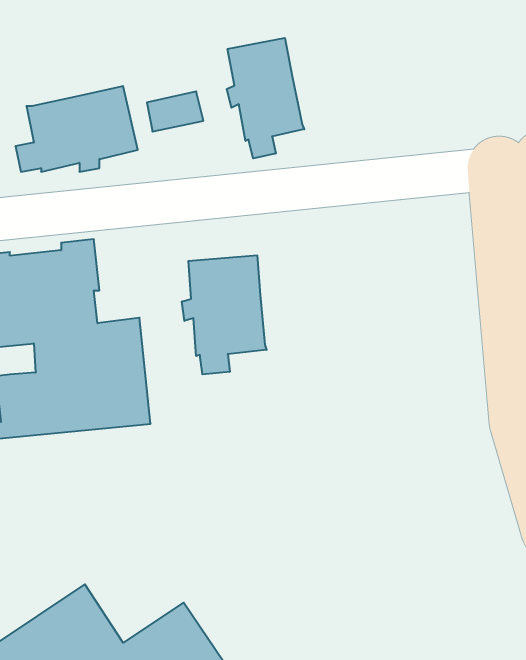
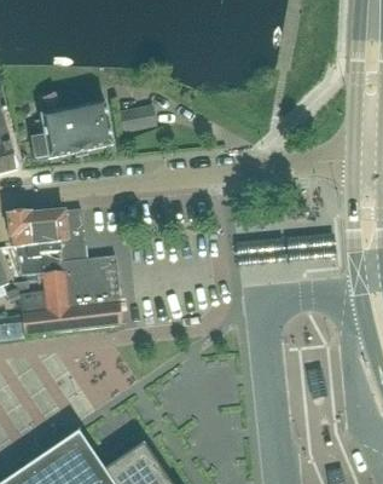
building: [227,38,304,158] -> none
building: [182,255,267,374] -> none

